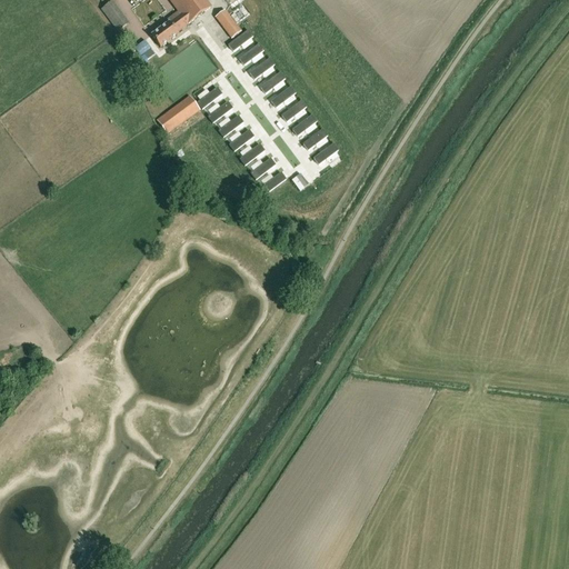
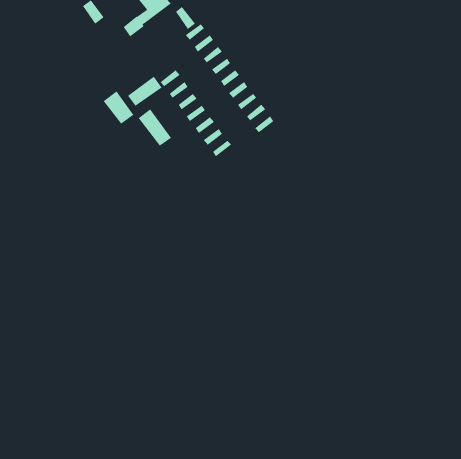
building: none -> [103,91,134,125]
building: none -> [138,108,172,147]

